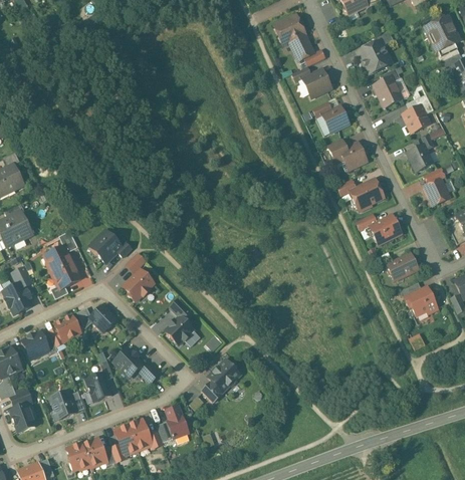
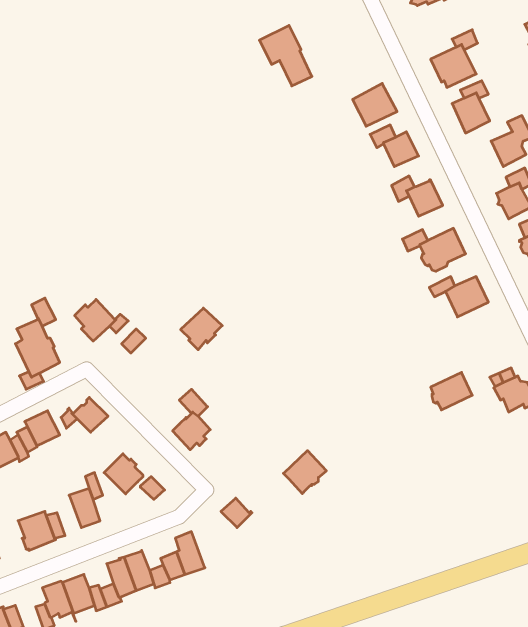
building: [274,15,313,60] -> [259,25,312,86]
building: [387,252,418,280] -> [431,372,472,410]
building: [123,269,154,300] -> [181,308,222,350]
building: [208,358,240,391] -> [283,451,326,494]

